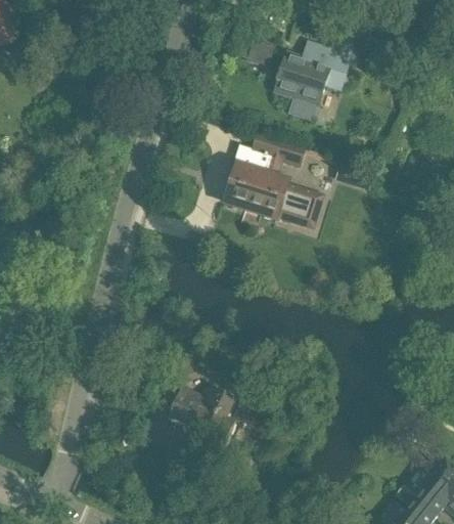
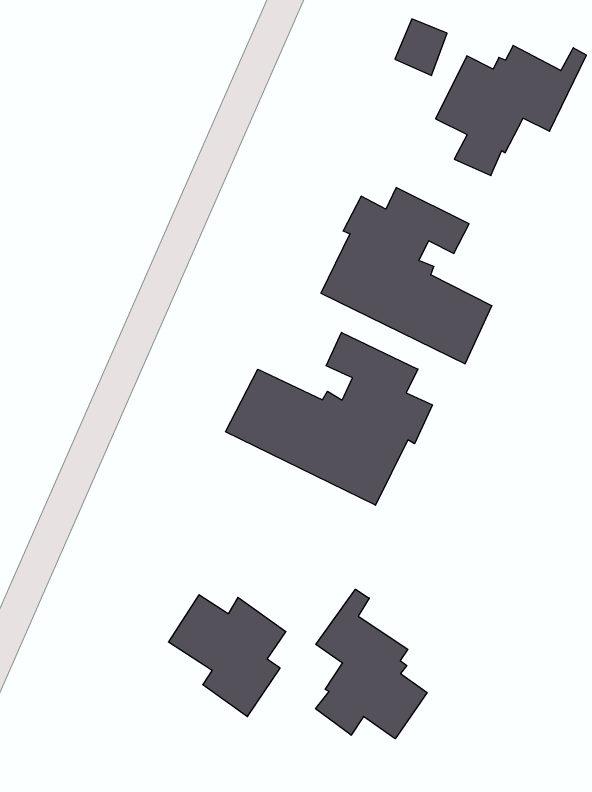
building: none -> [226,332,433,505]
building: none -> [316,589,427,739]

